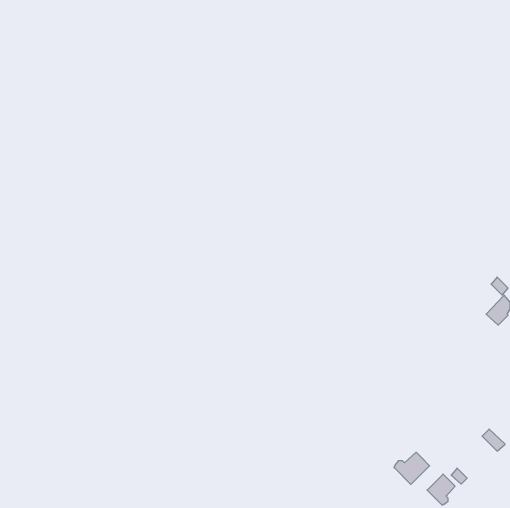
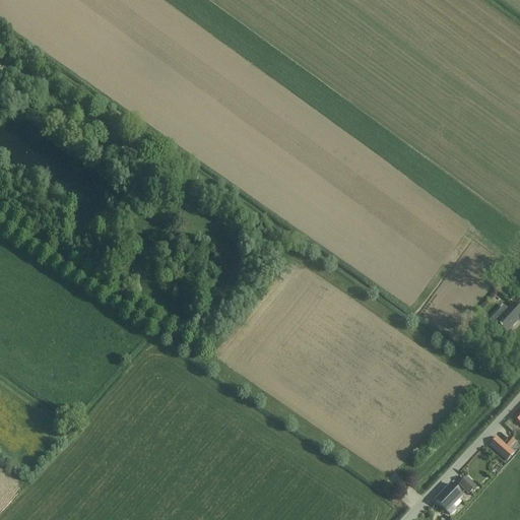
building: [394,452,430,484] -> none

